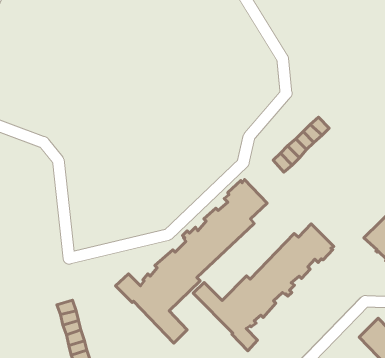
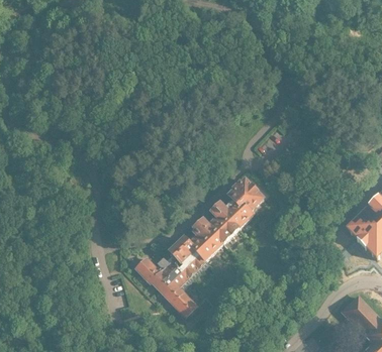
building: [193,224,334,351] -> none

